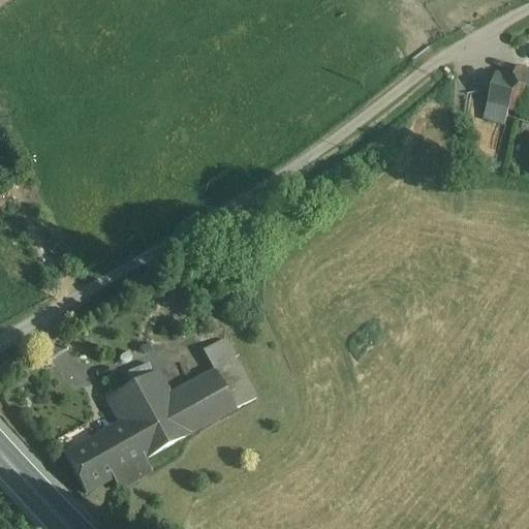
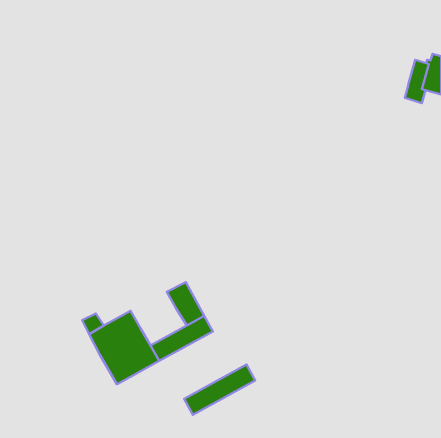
building: [168,369,223,412] -> none
building: [64,423,148,490] -> none
building: none -> [184,364,255,415]

